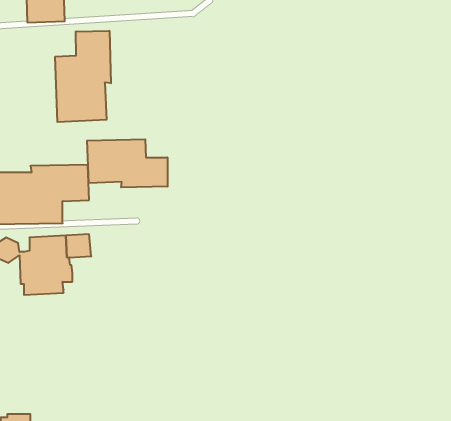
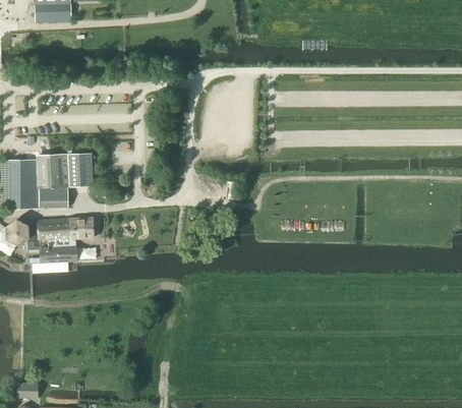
building: [55,31,111,122] -> none
building: [87,139,168,187] -> none

